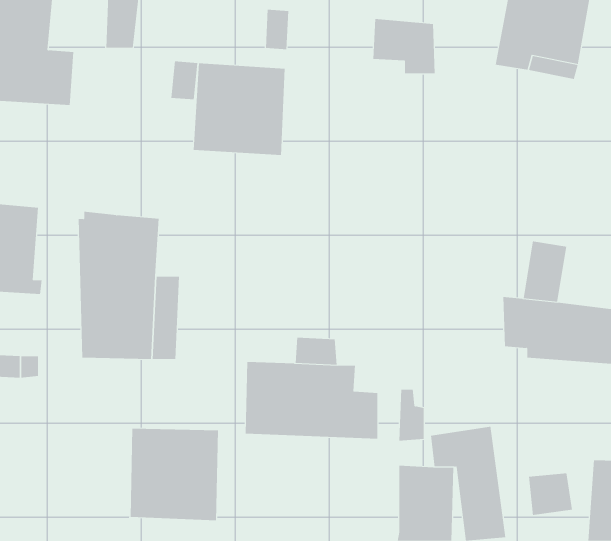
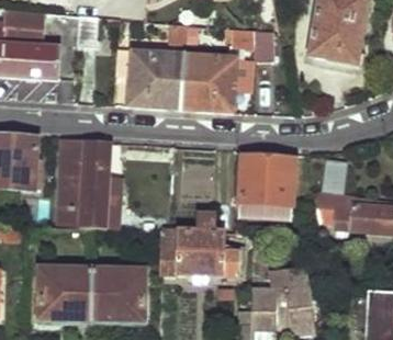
building: none -> [181,57,251,112]
building: none -> [240,149,292,222]
building: none -> [40,270,92,322]

